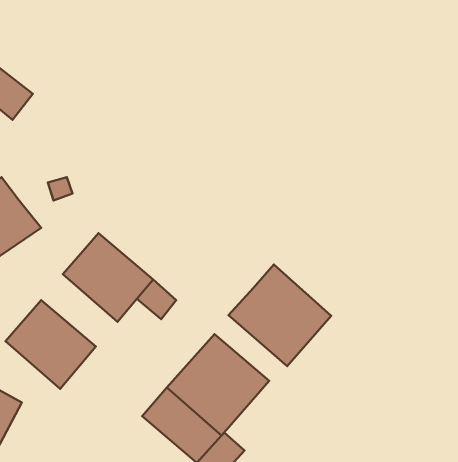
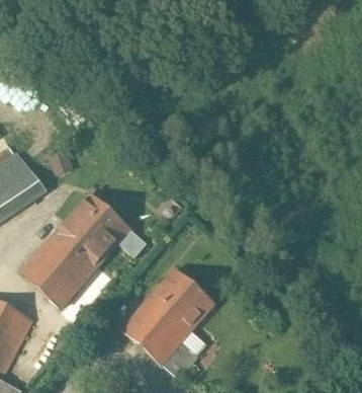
building: [228,264,331,366] -> none
building: none -> [46,225,102,279]

